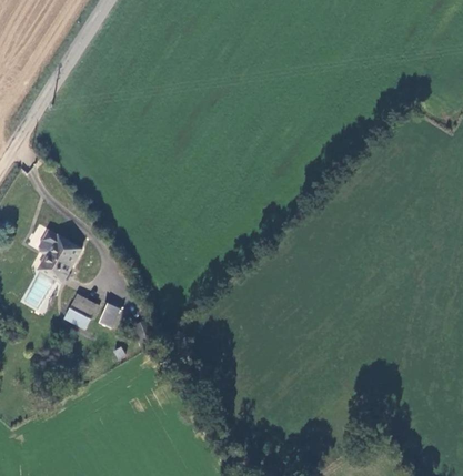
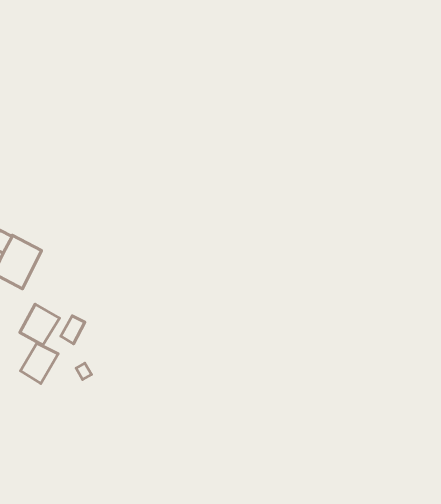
building: none -> [21,343,58,384]

